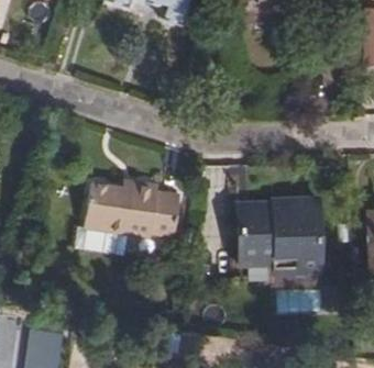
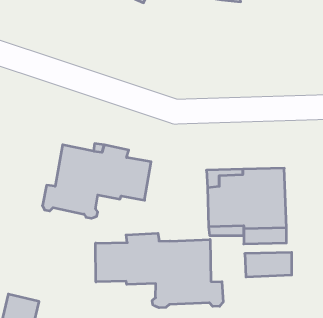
building: none -> [96,233,223,308]

